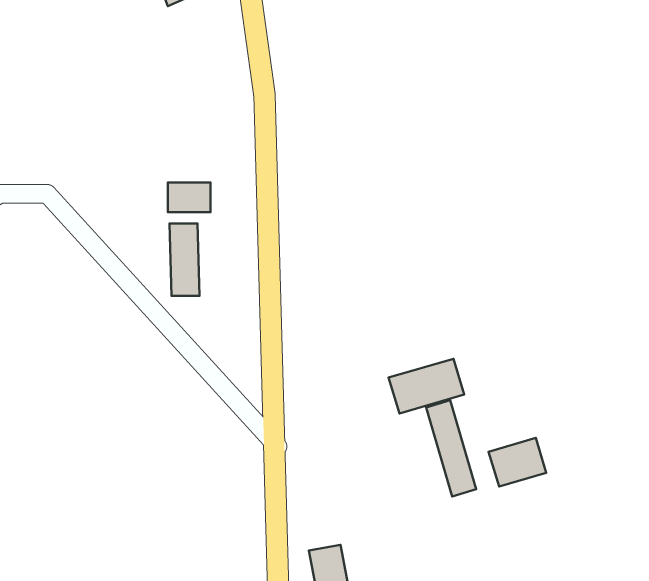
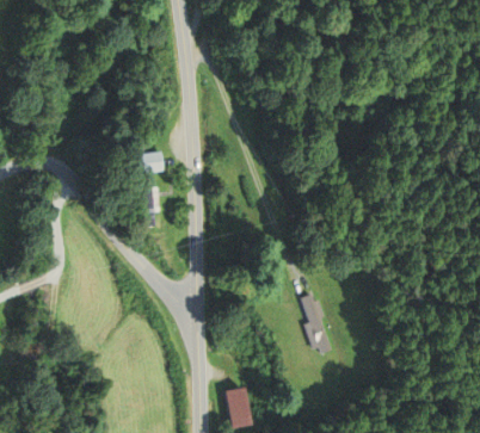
building: [389,359,464,413] -> none
building: [489,438,546,487] -> none

